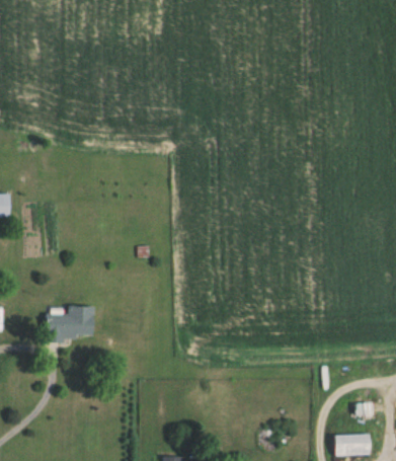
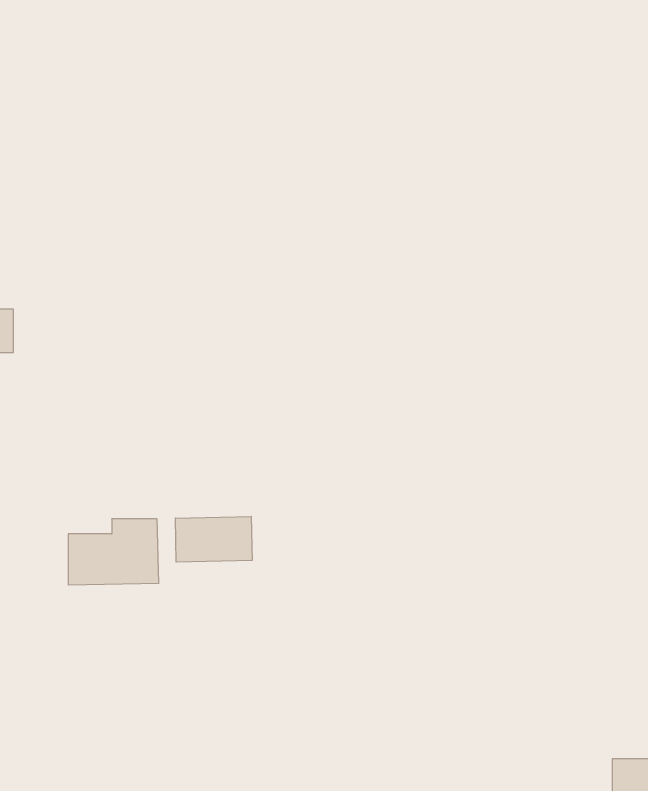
building: none -> [175,516,252,562]

